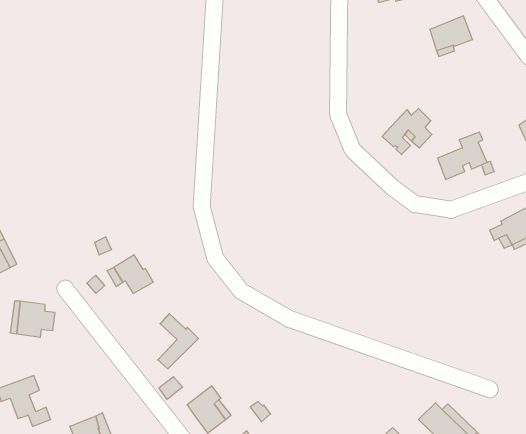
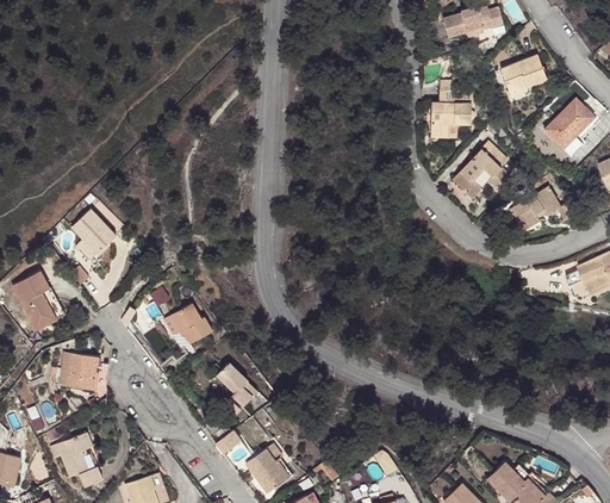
building: none -> [429,79,471,136]
building: none -> [547,97,597,150]
building: none -> [69,211,116,261]

